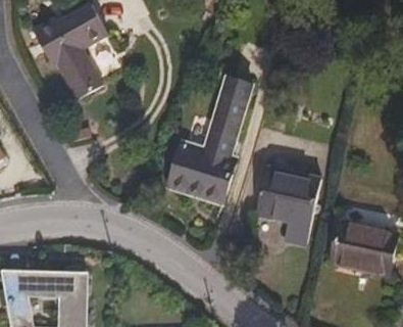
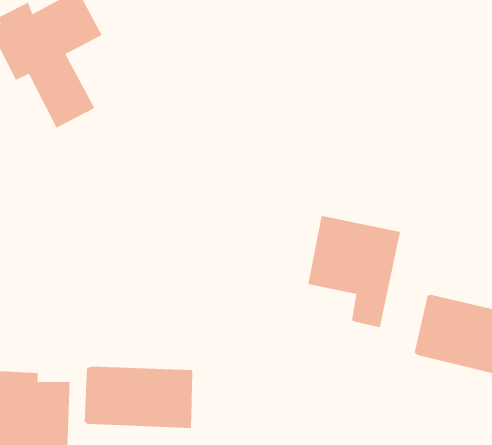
building: [165,77,250,202] -> none
building: none -> [84,366,193,429]

